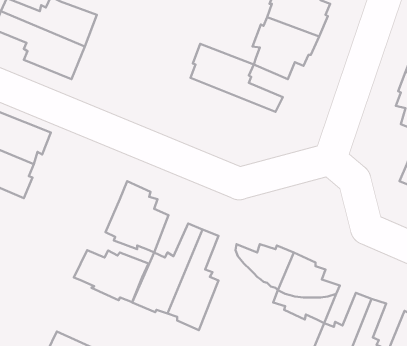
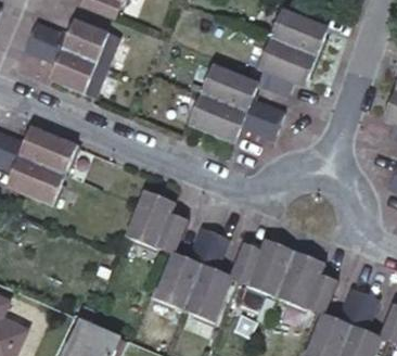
building: none -> [187,96,278,142]
building: none -> [227,245,280,296]
building: [74,250,148,302] -> none

